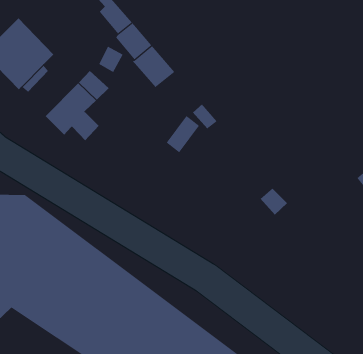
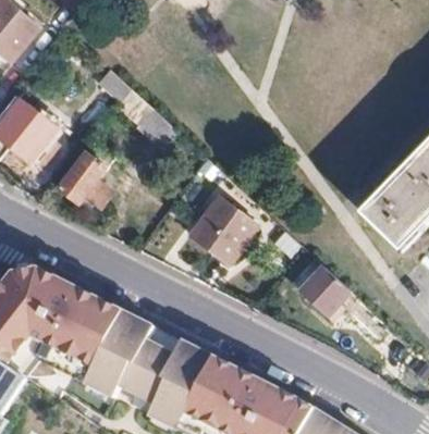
building: none -> [188,194,258,262]
building: none -> [298,264,351,315]

